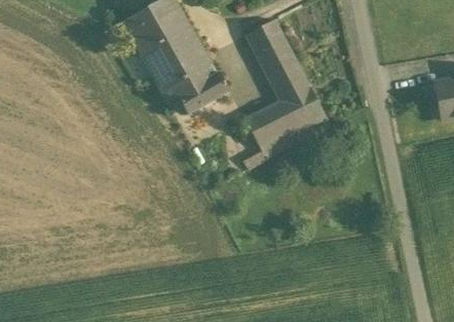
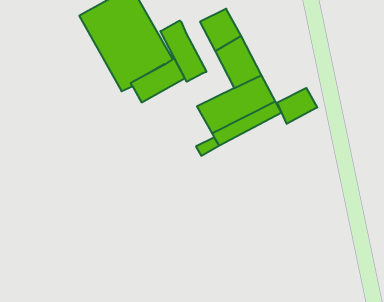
building: none -> [160,21,206,82]
building: none -> [277,88,317,124]

